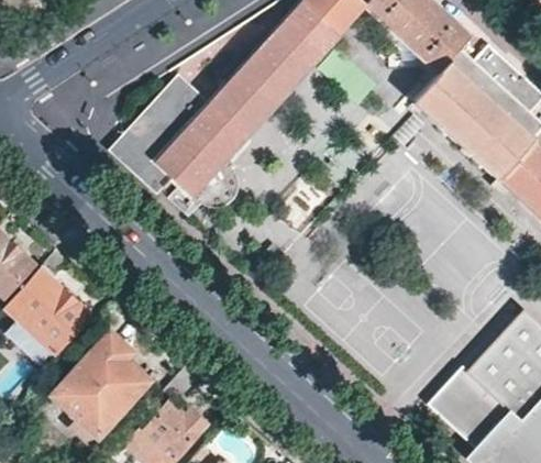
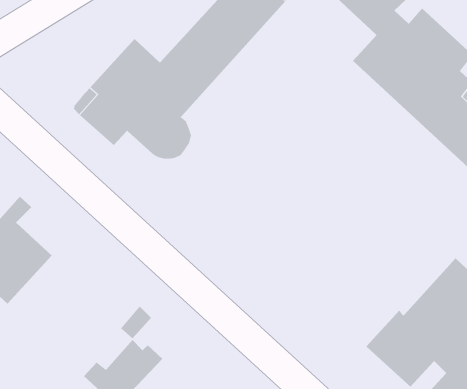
building: [53,330,150,443] -> none

